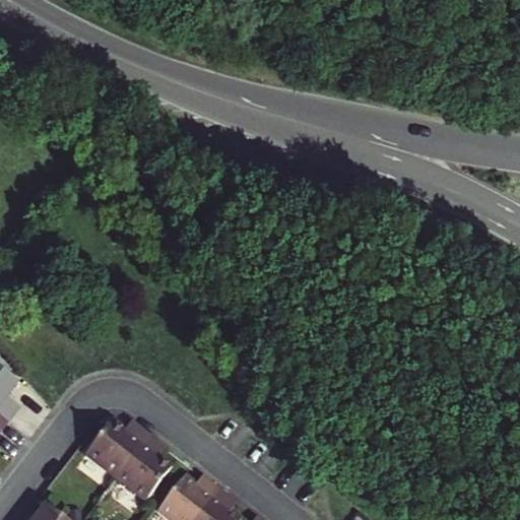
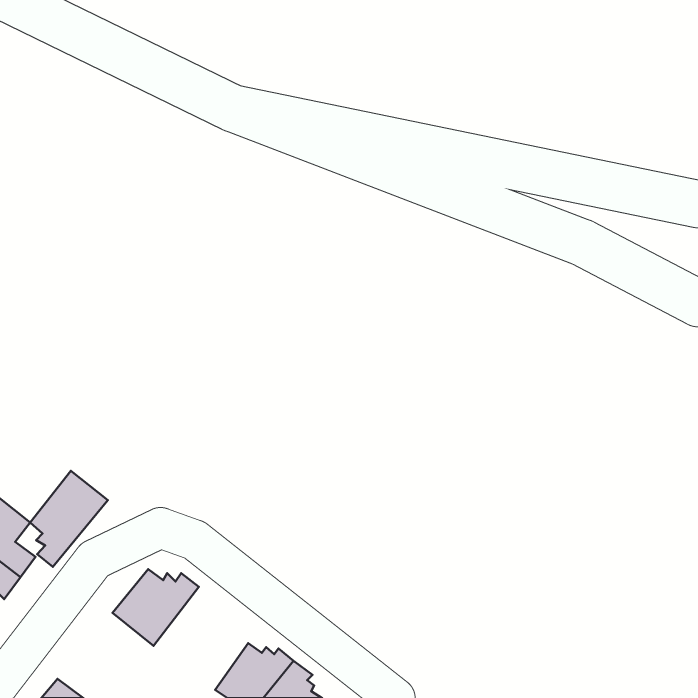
building: none -> [30,471,108,567]
building: [114,435,169,501] -> none

